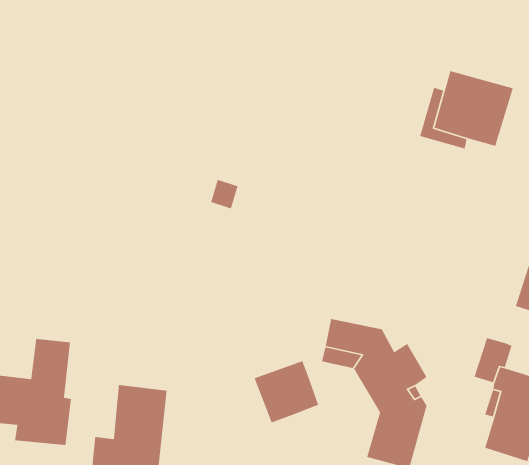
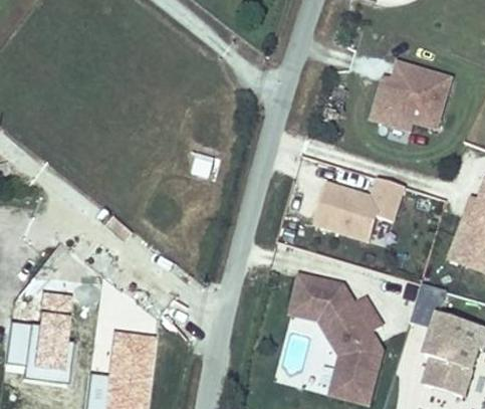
building: none -> [316,181,409,246]
building: [254,360,319,424] -> none

